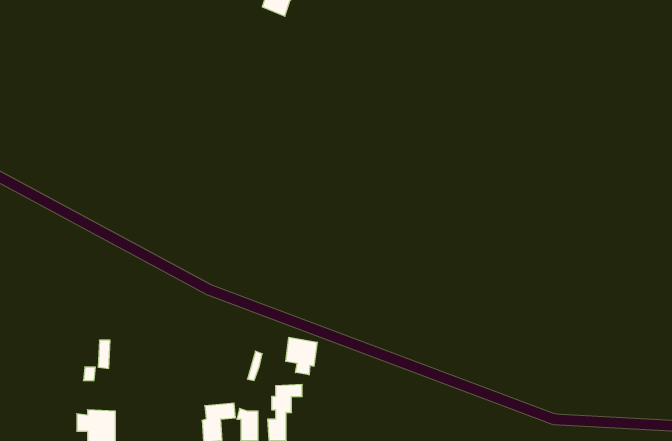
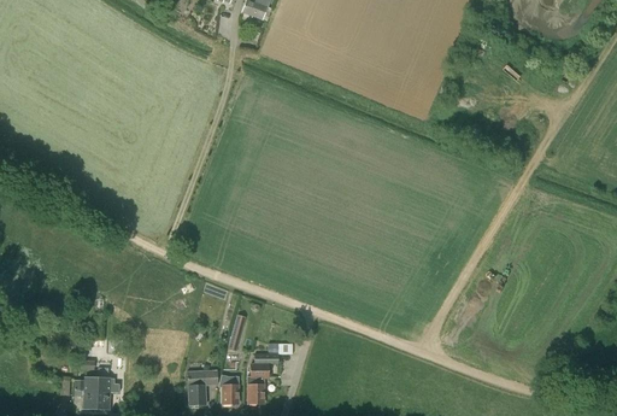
building: [286,337,317,375] -> none

